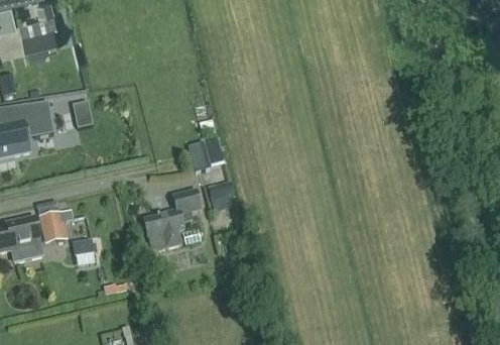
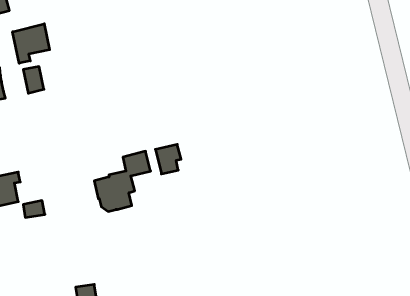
building: none -> [13,24,50,63]
building: [186,138,224,171] -> none

